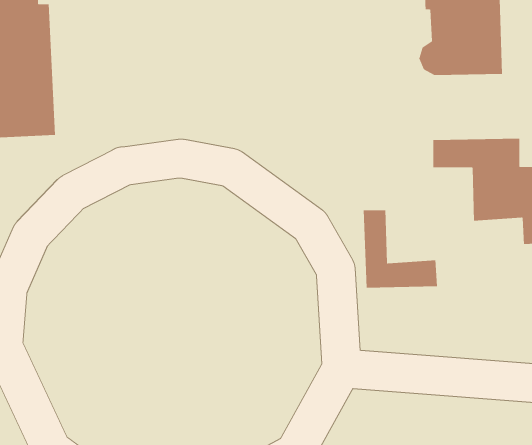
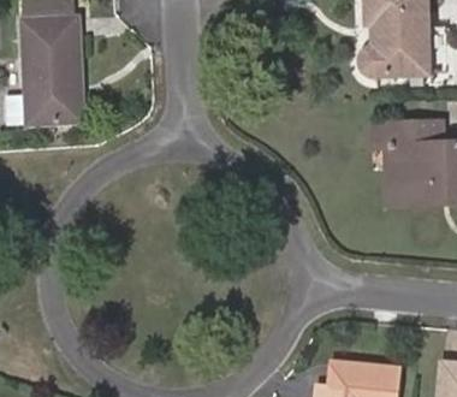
building: [363,210,438,288] -> [385,144,443,205]

